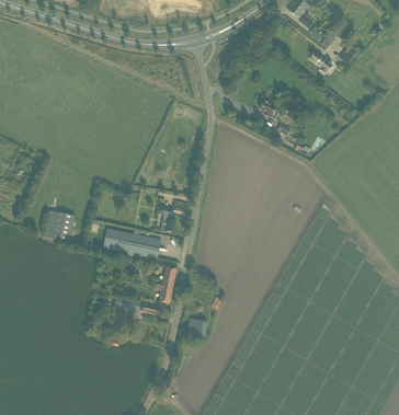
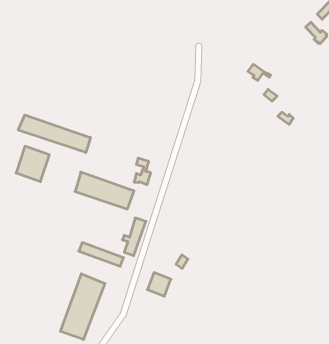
building: none -> [18,115,90,153]
building: none -> [60,274,105,340]

